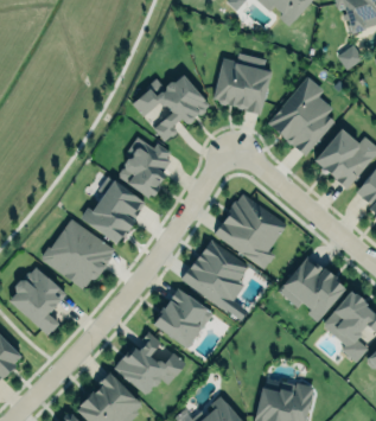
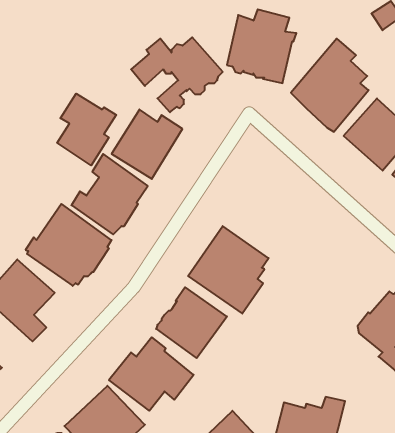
building: none -> [57,94,116,165]
building: [214,193,287,269] -> none
building: [279,256,346,323] -> none

